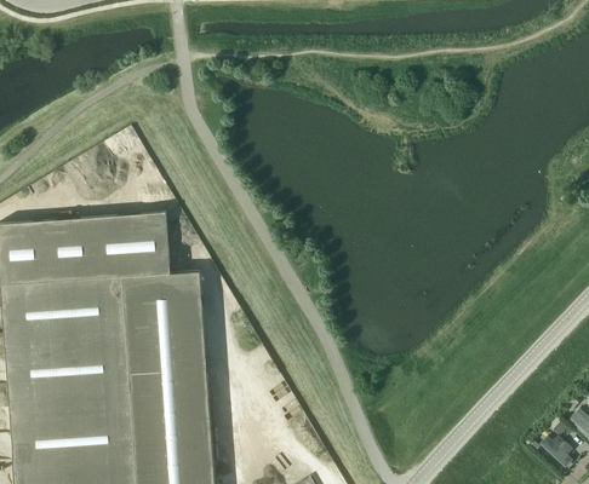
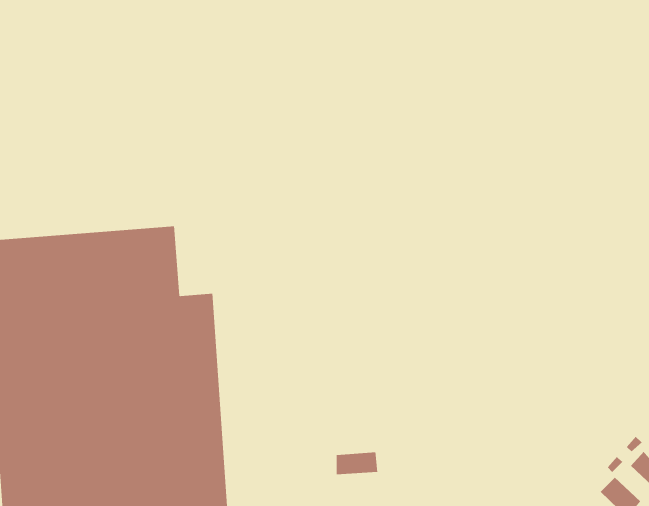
building: none -> [336,452,378,475]

